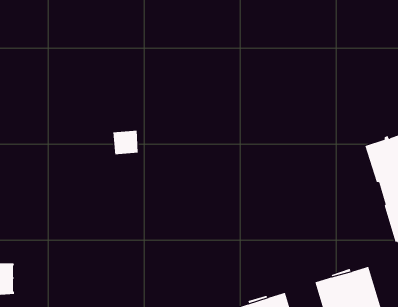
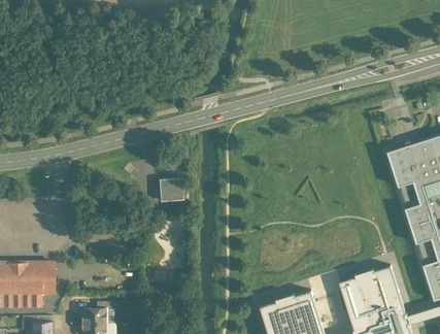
building: [112,130,138,155] -> [159,179,183,203]

